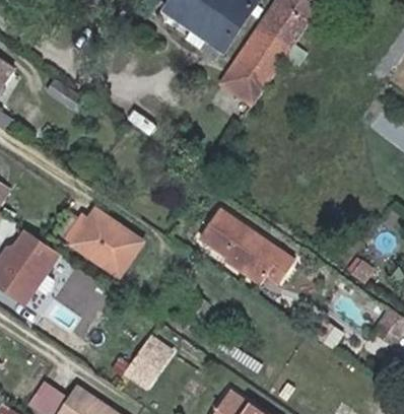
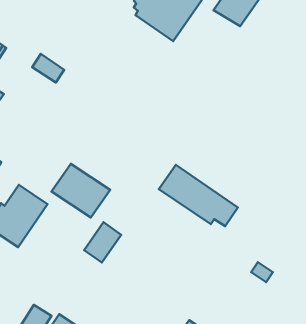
building: [222,21,295,100] -> none
building: [132,336,177,385] -> [84,222,121,263]

